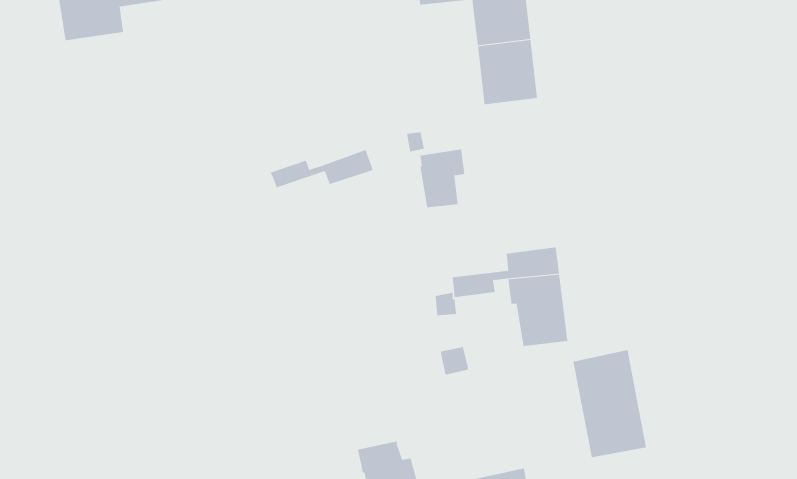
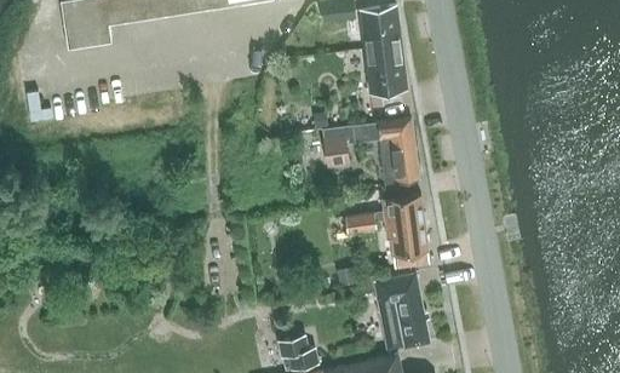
building: none -> [379,121,419,184]
building: [269,149,374,188] -> none
building: [573,350,647,458] -> [375,274,429,351]

